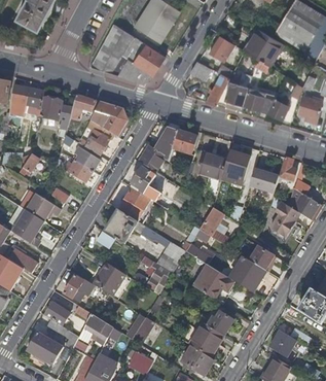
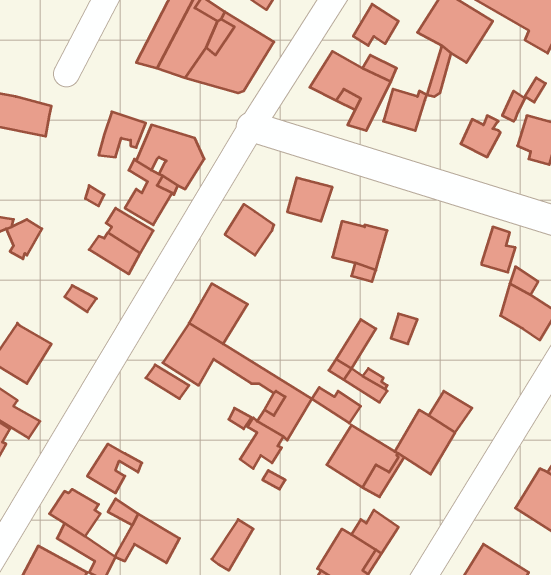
building: [243,88,275,112] -> none
building: [40,96,73,130] -> none
building: [155,123,180,162] -> none
building: [223,151,250,175] -> none
building: [249,166,279,194] -> none
building: [130,167,165,205] -> none
building: [27,194,62,221] -> none
building: [270,201,301,235] -> none
building: [93,262,125,296] -> none

